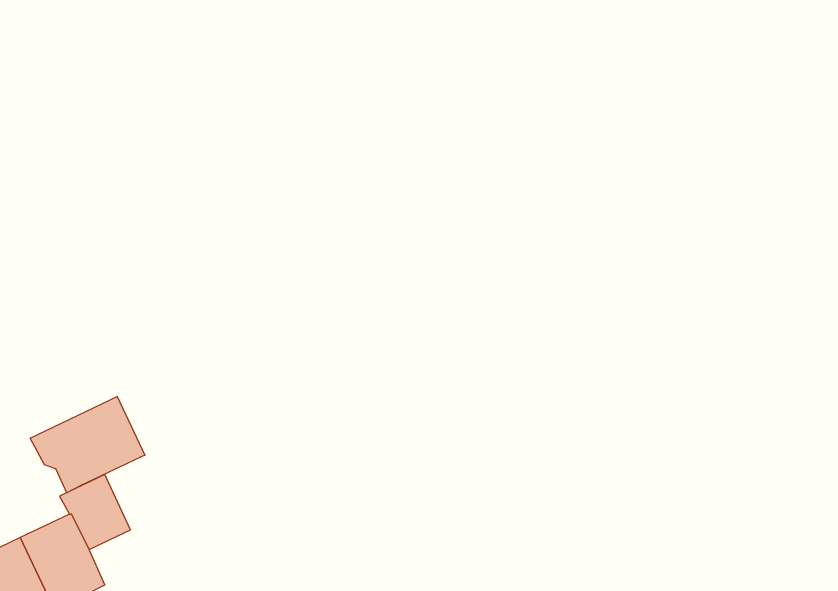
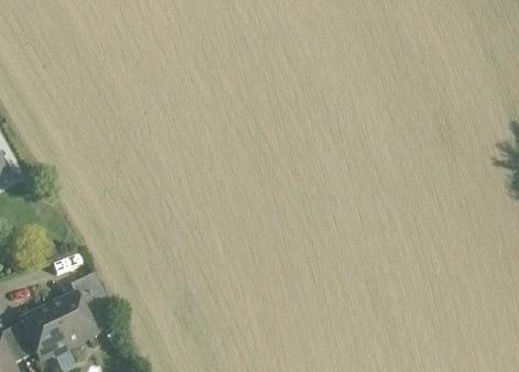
building: [30,396,145,493] -> none

